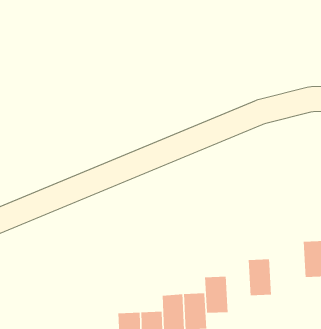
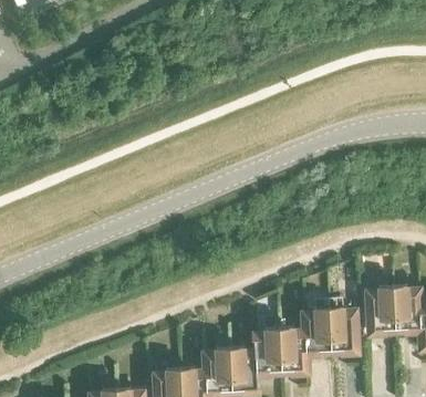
building: none -> [328,307,355,351]
building: none -> [278,310,305,370]

